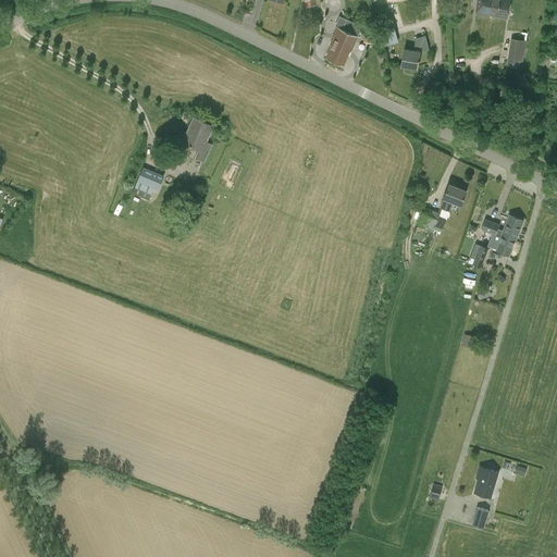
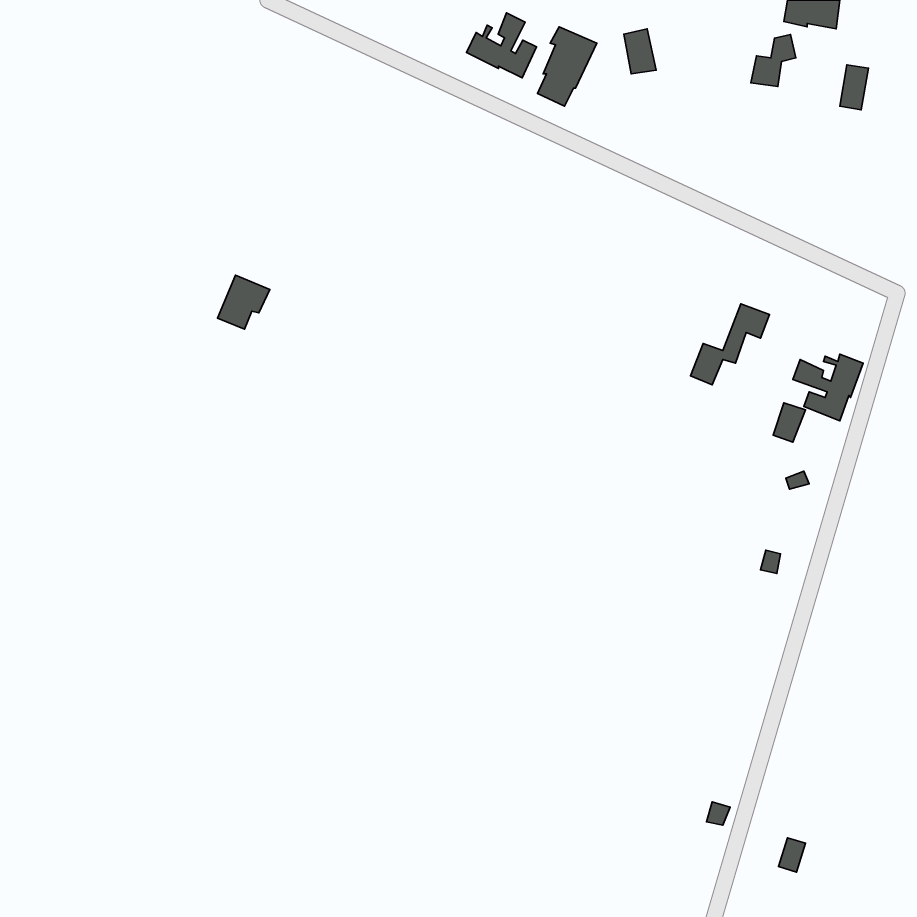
building: none -> [467,13,536,78]
building: [400,37,428,69] -> [751,34,796,87]
building: [180,119,211,162] -> none
building: [473,468,496,497] -> none

